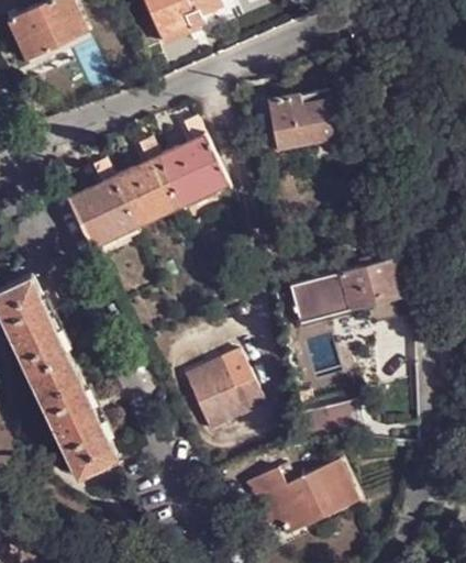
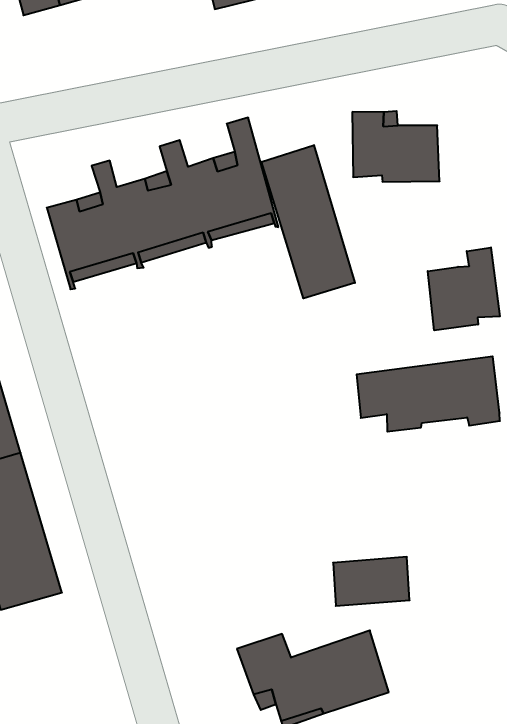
building: none -> [261,145,355,298]
building: none -> [428,247,500,330]
building: [184,351,265,432] -> none

